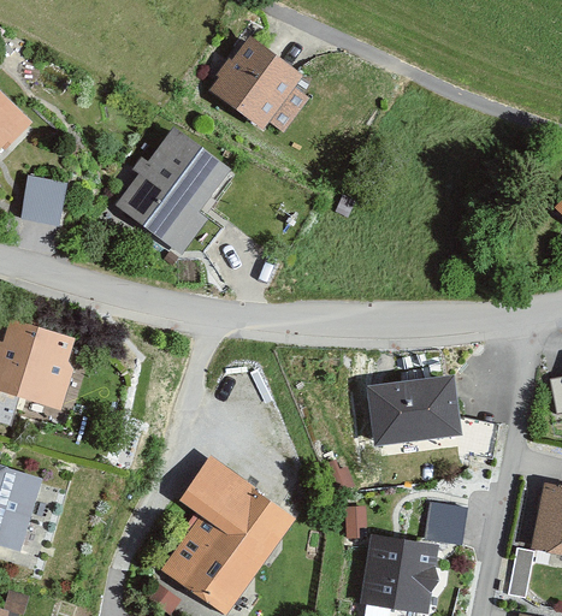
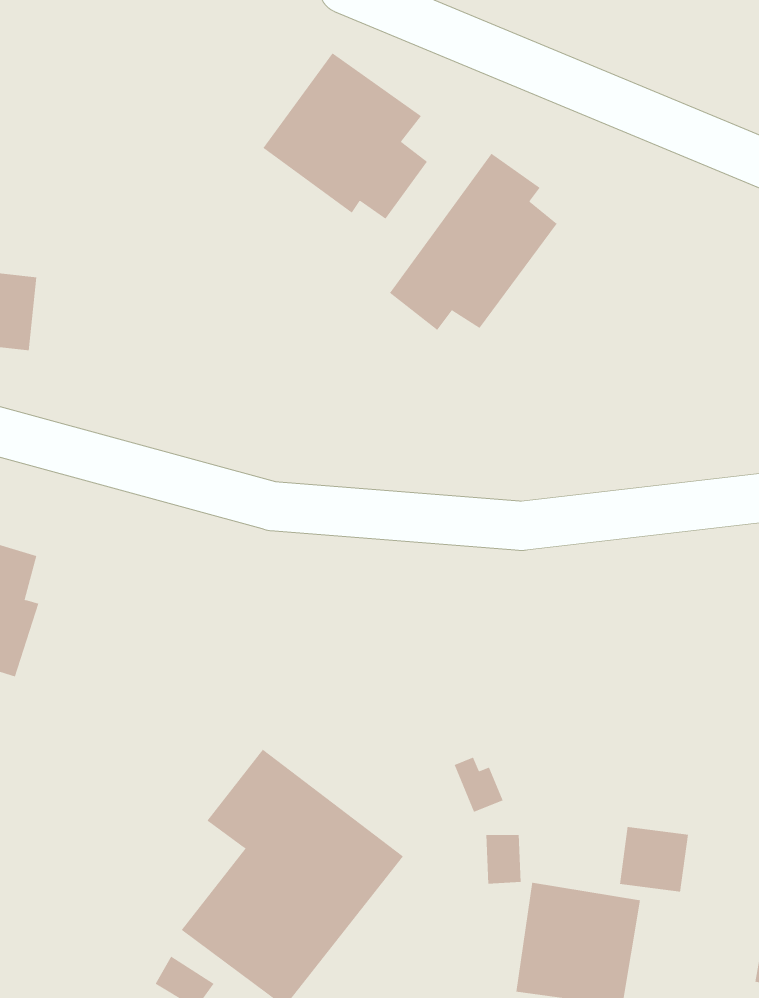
building: none -> [389,153,557,331]
building: [114,128,230,255] -> none
building: [367,373,461,446] -> none

